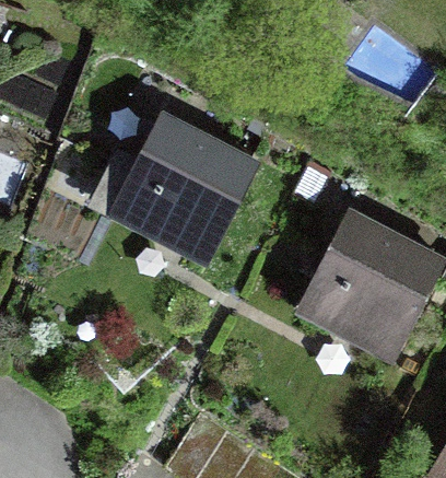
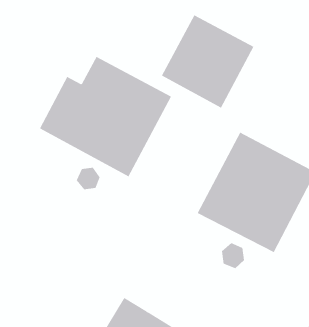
building: none -> [161,15,254,109]

